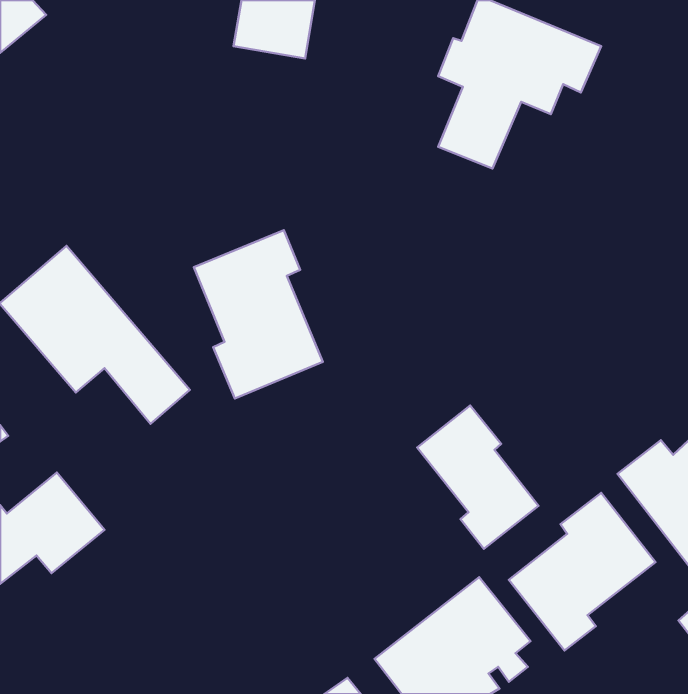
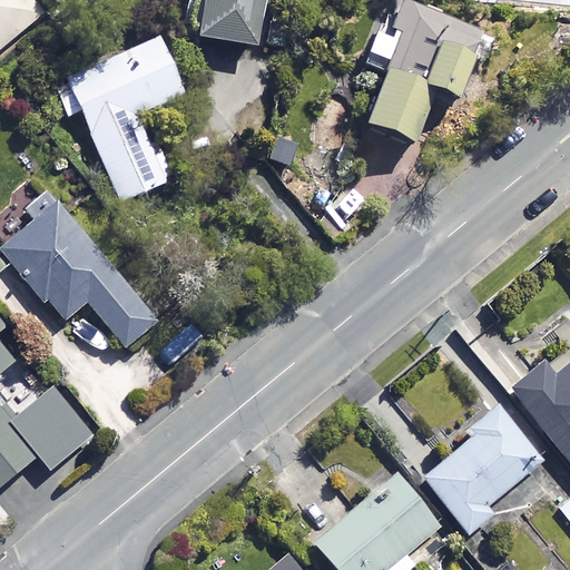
building: none -> [68,38,183,202]
building: [194,230,323,398] -> none
building: [417,405,538,549] -> none

